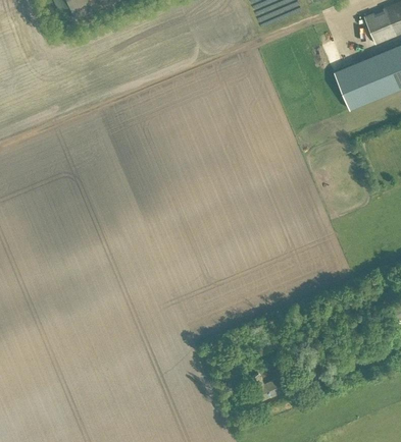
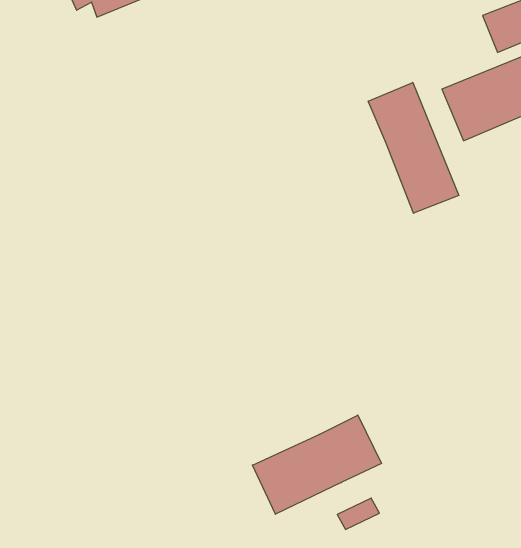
building: none -> [368,82,459,213]
building: none -> [252,415,381,514]

